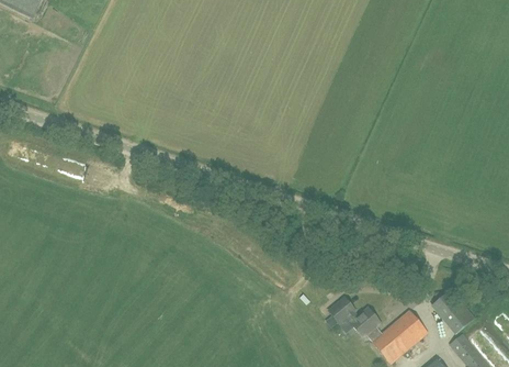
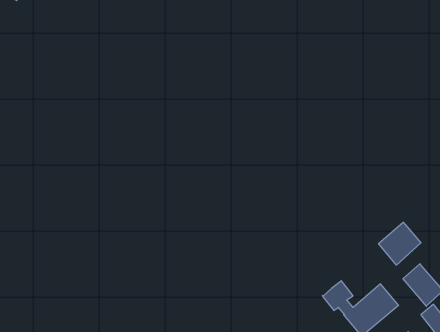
building: none -> [379,222,421,265]
building: [325,294,359,326] -> none

